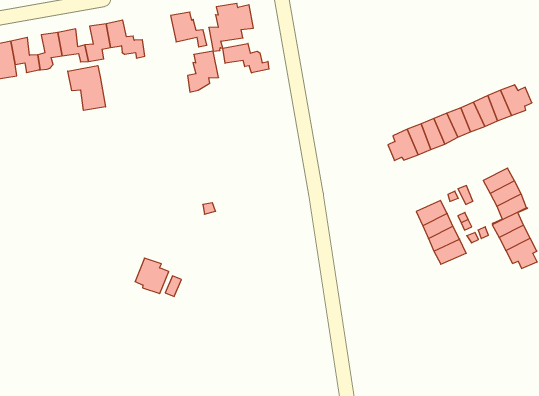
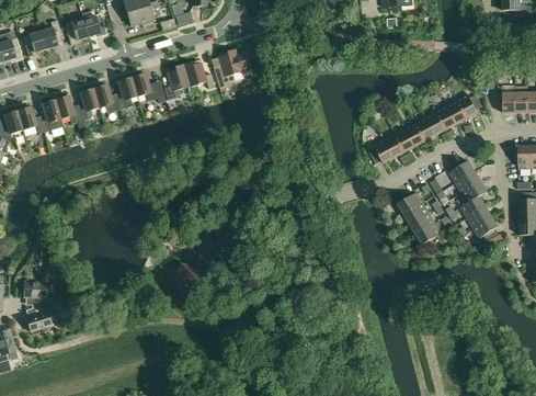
building: [223,43,269,73] -> none
building: [188,51,219,92] -> [163,65,189,100]
building: [68,66,105,110] -> none

